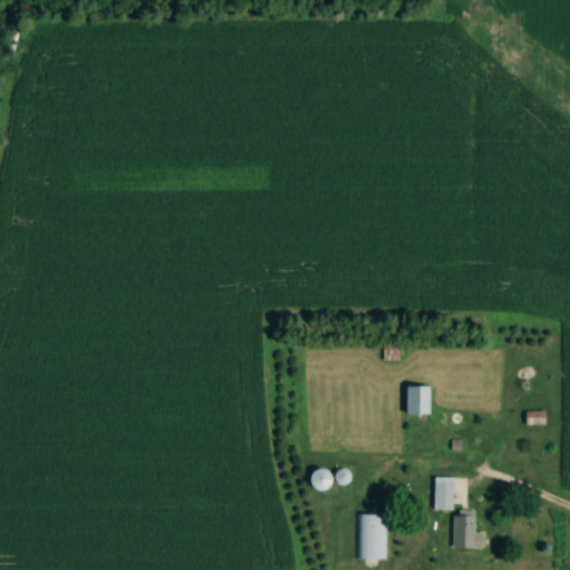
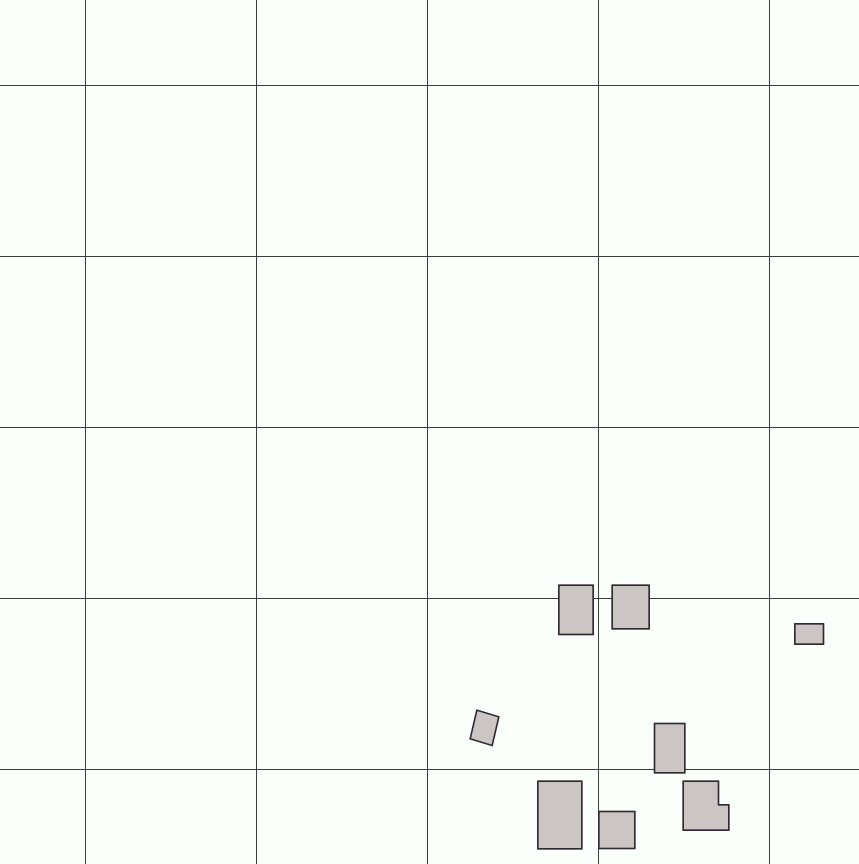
building: none -> [559,585,593,634]
building: none -> [599,811,635,848]

